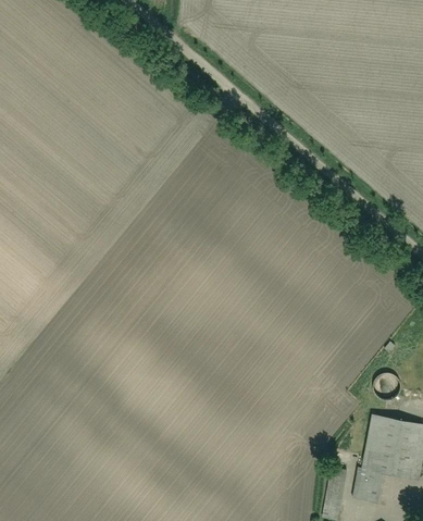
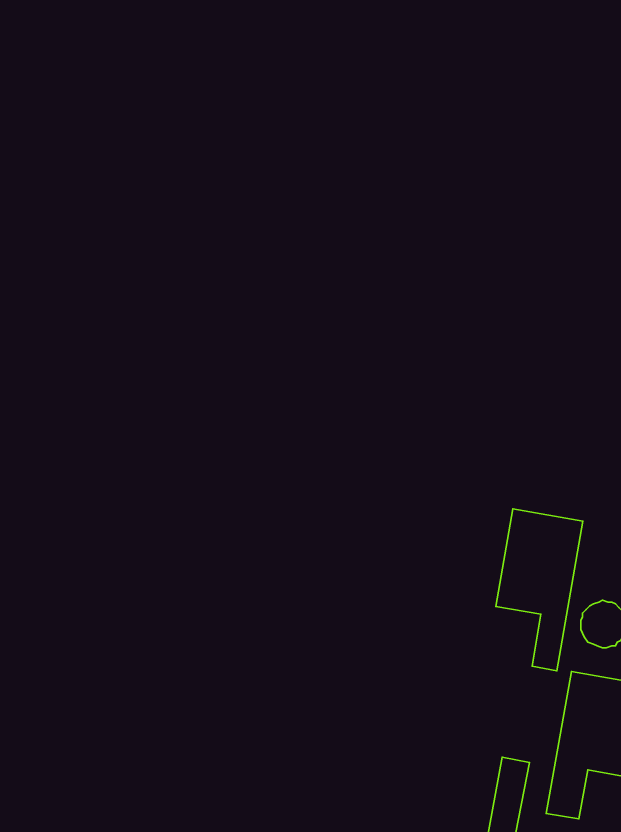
building: none -> [496,509,583,671]

